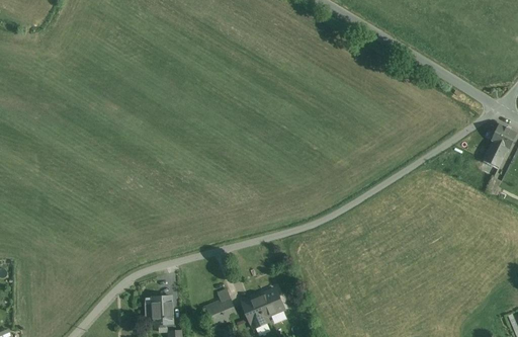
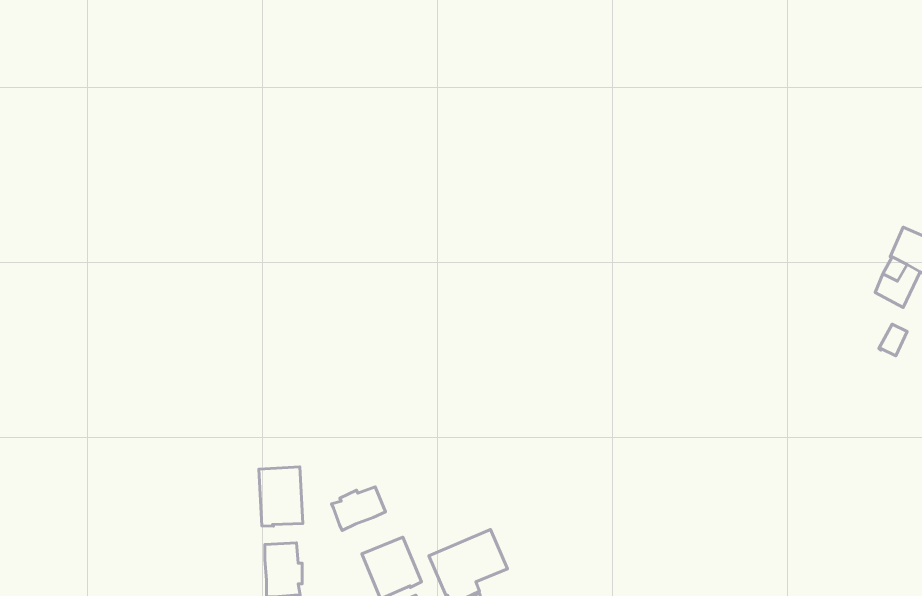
building: none -> [259,467,303,526]
building: none -> [331,487,385,530]

